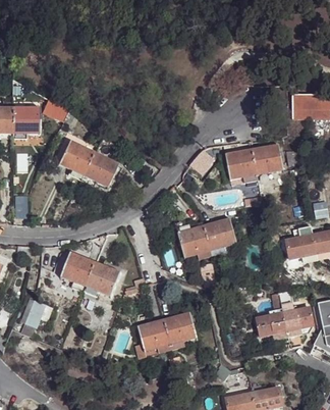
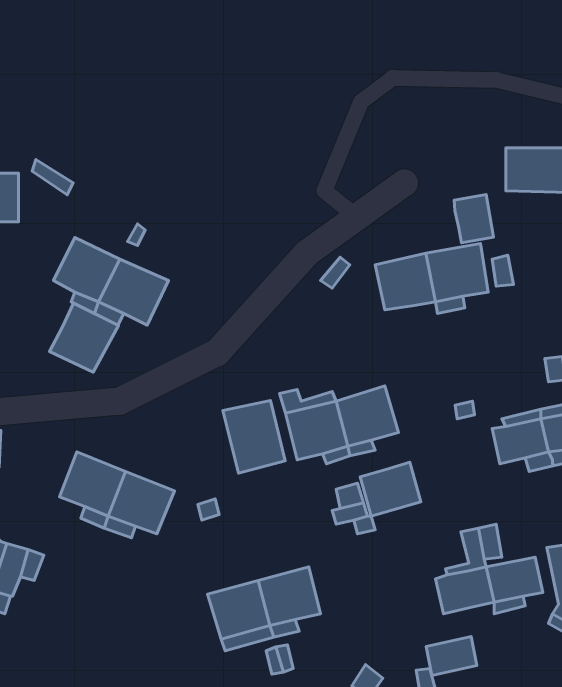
building: none -> [454,194,494,243]
building: none -> [50,303,118,372]
building: none -> [223,401,285,473]
building: none -> [360,462,421,516]
building: none -> [426,637,477,676]

